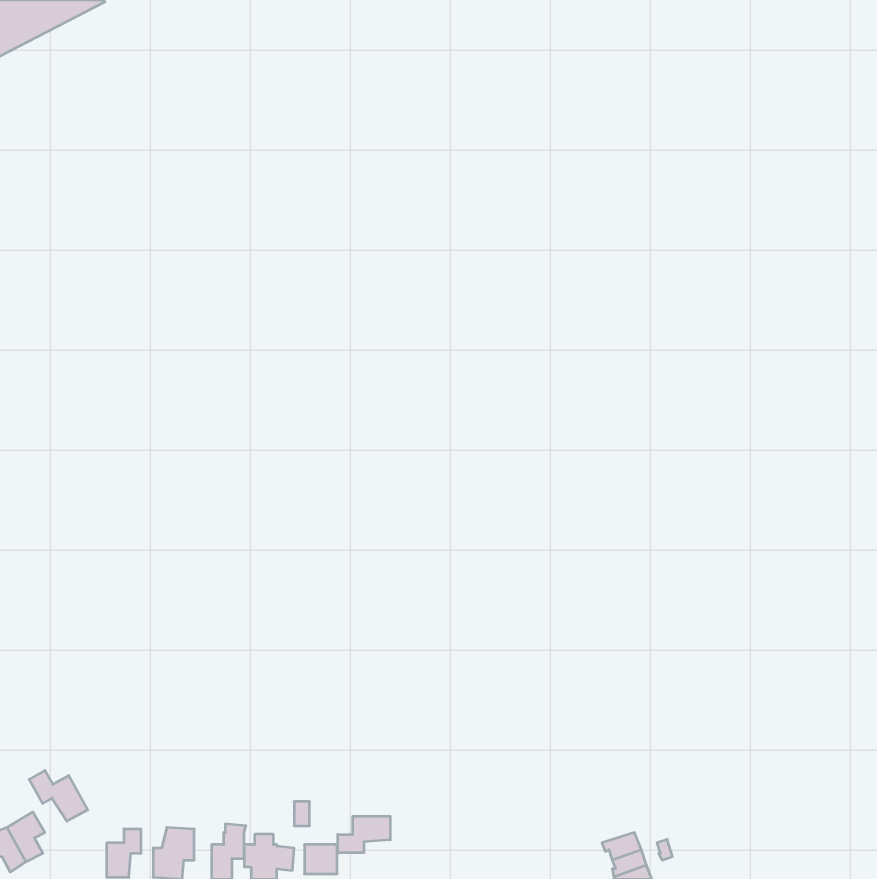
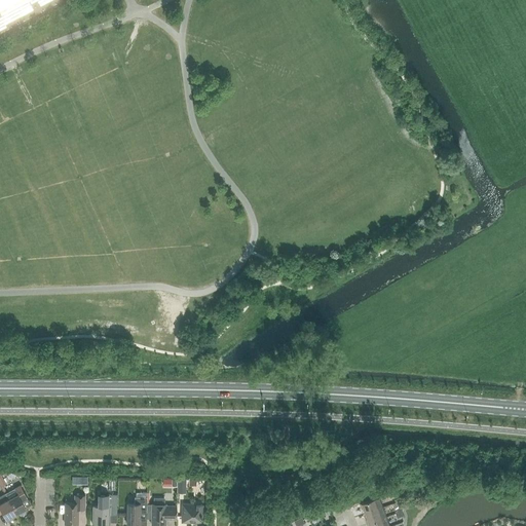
building: [29,770,88,821] -> none
building: [338,816,390,853] -> none

